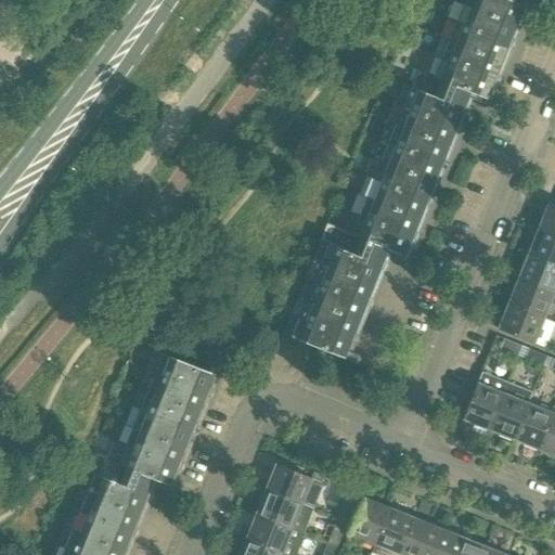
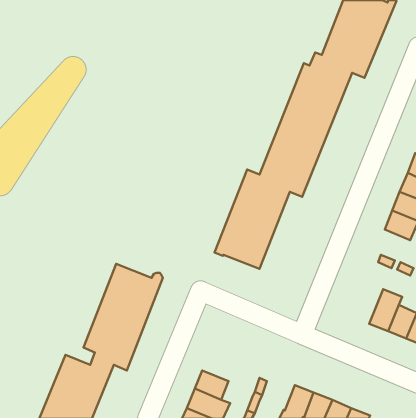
building: [503,305,546,345] -> none
building: [467,373,511,429] -> none
building: [271,466,326,509] -> none
building: [354,500,393,544] -> none

